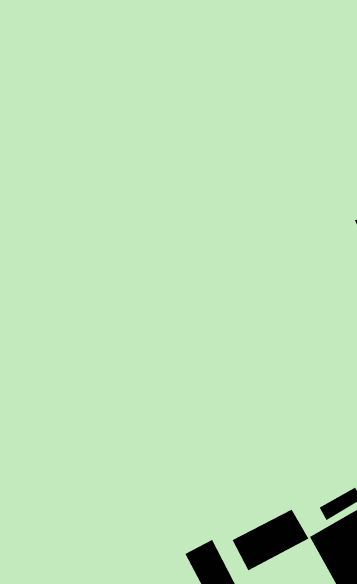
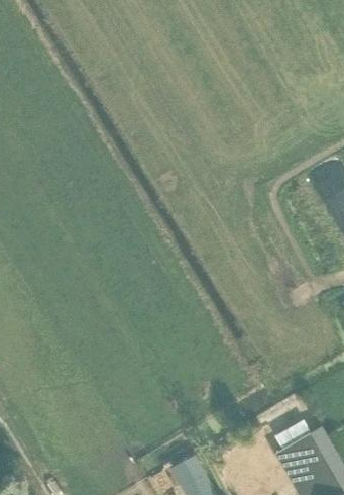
building: [232,509,309,571] -> none

